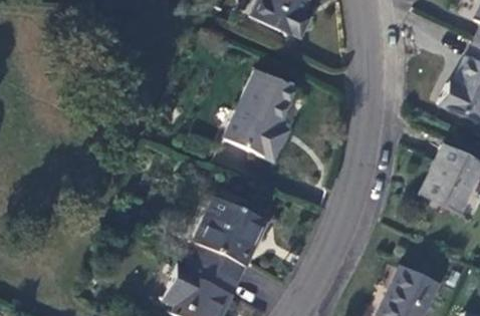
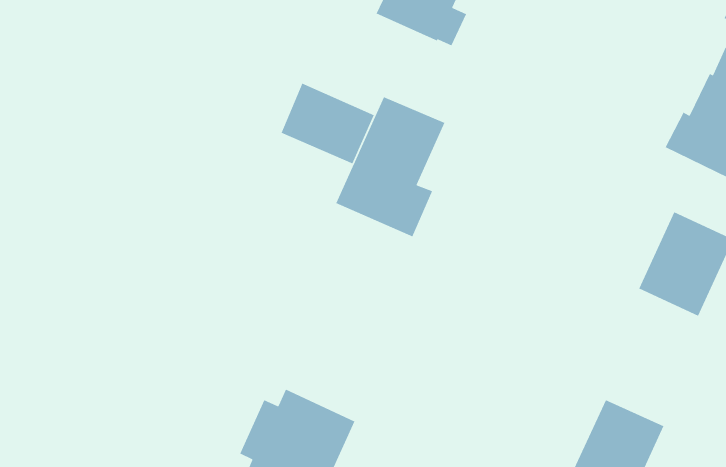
building: none -> [281,83,375,164]
building: [193,197,266,280] -> none

